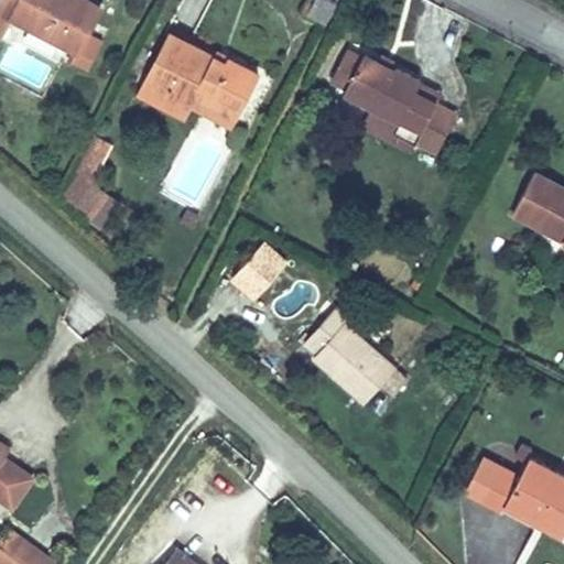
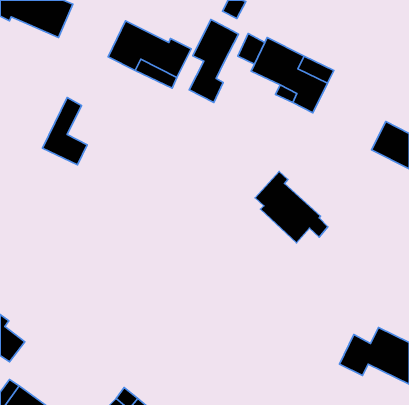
building: none -> [189,20,238,103]
building: [232,248,286,304] -> none
building: [302,306,402,404] -> [255,171,328,243]

